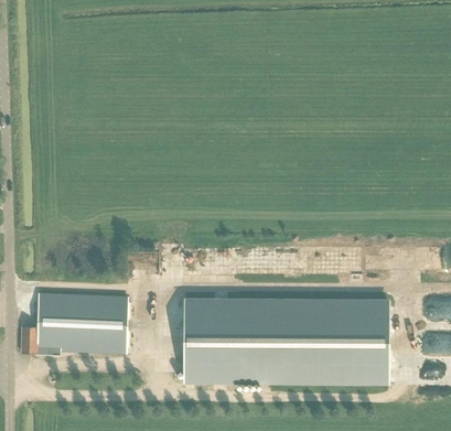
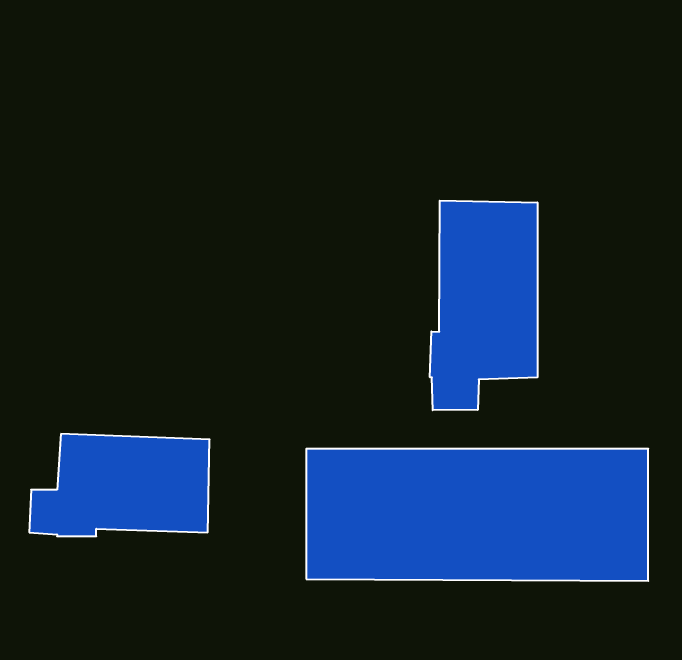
building: none -> [430,201,537,410]

